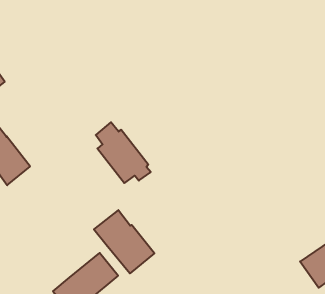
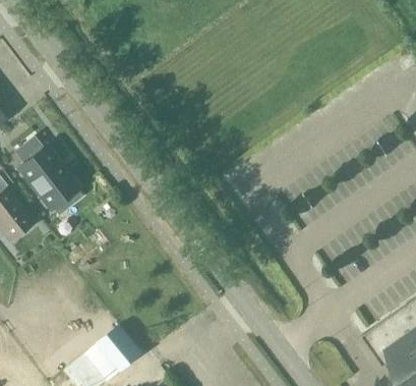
building: [96,122,151,183] -> [15,135,81,209]
building: [94,210,154,273] -> none

